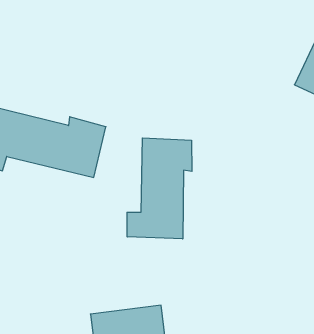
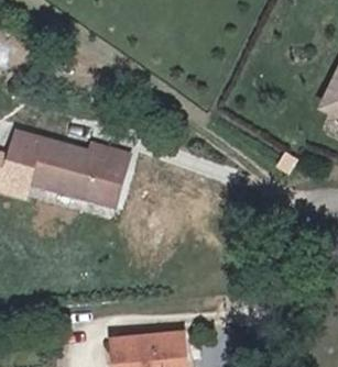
building: [127,138,192,239] -> none

